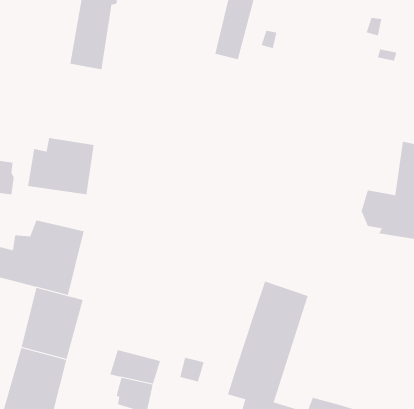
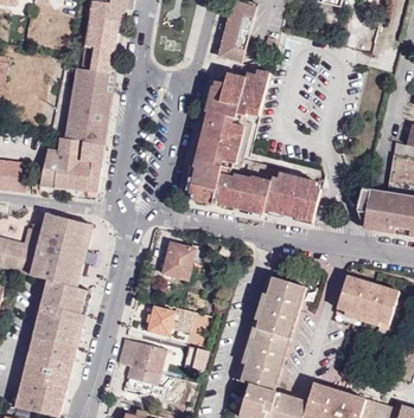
building: none -> [66,67,116,144]
building: none -> [190,73,319,219]
building: none -> [163,239,200,278]
building: none -> [331,275,396,328]
building: none -> [148,306,195,335]

